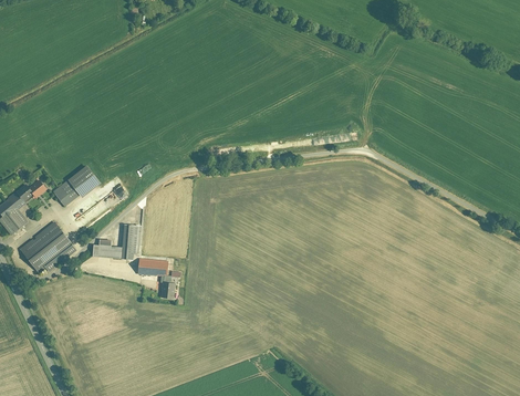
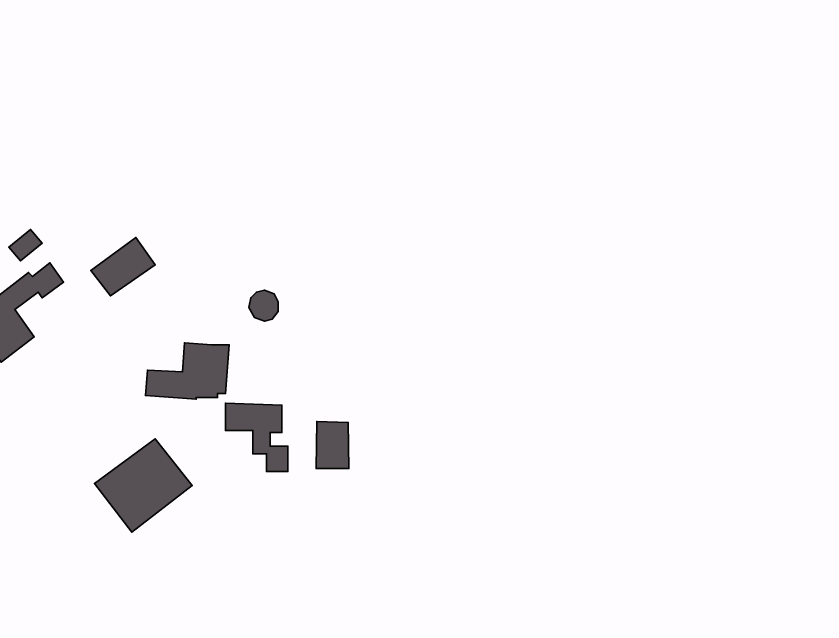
building: [20,223,75,277] -> [95,439,192,532]
building: none -> [316,422,349,469]

